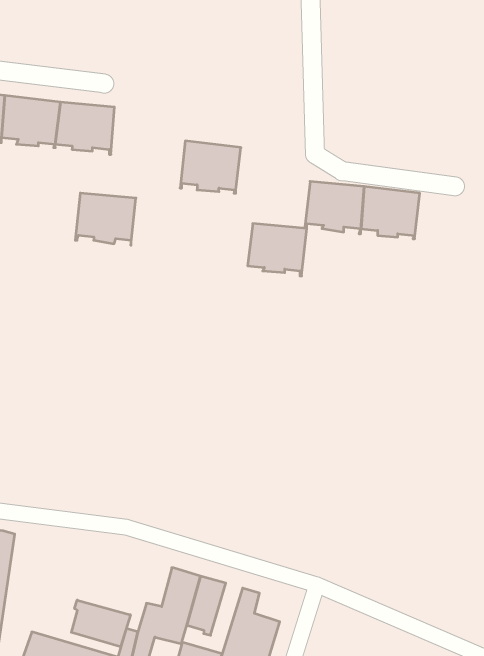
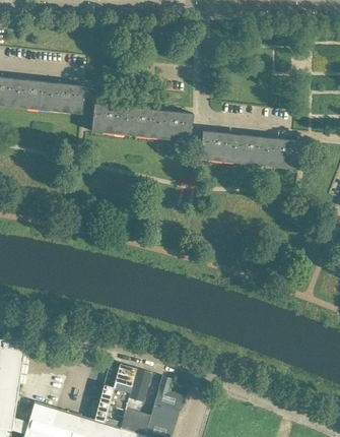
building: [75,193,136,245] -> [90,104,127,135]
building: none -> [265,138,301,170]
building: [248,224,307,276] -> [157,111,193,142]
building: [71,600,130,647] -> none

